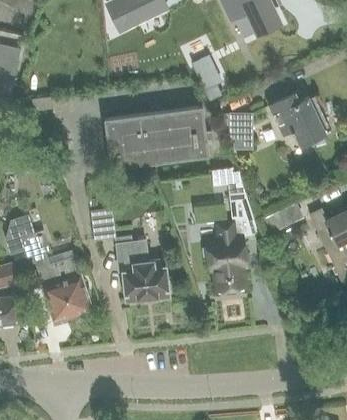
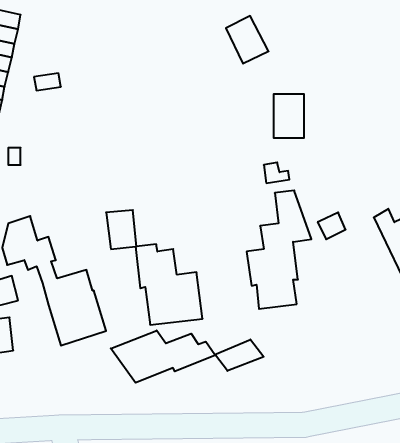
building: [269,92,325,145] -> none
building: [103,108,207,170] -> none
building: none -> [111,330,264,383]

